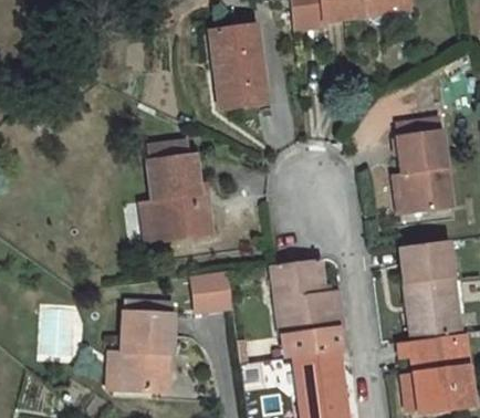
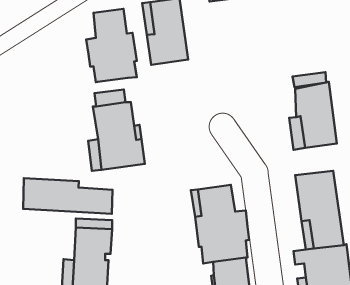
building: none -> [86,9,137,82]
building: none -> [23,178,112,214]
building: [191,271,232,311] -> none

